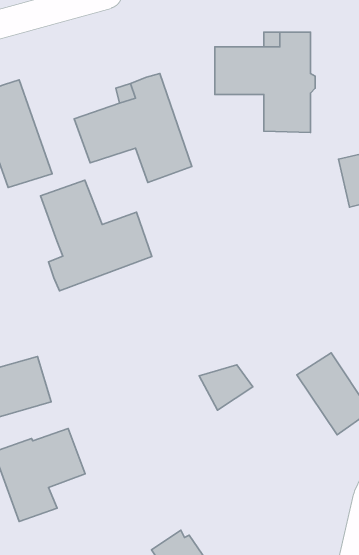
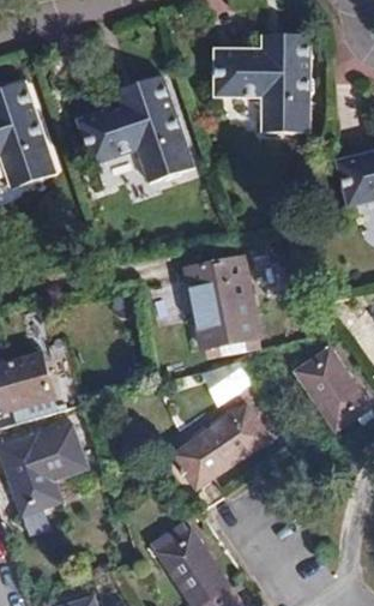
building: [40,180,152,291] -> none
building: none -> [185,258,258,348]
building: none -> [173,404,269,487]

